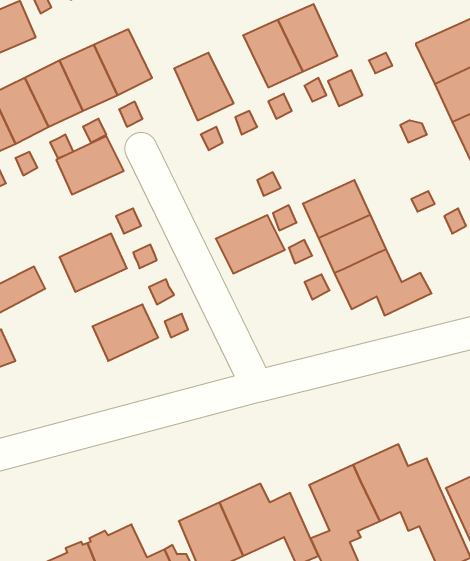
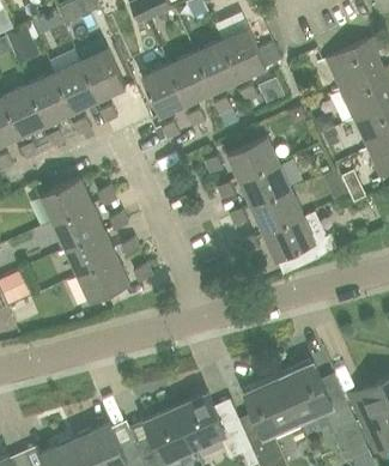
building: none -> [168,53,213,104]
building: [56,136,124,195] -> [42,177,93,222]
building: [216,215,285,273] -> [226,137,279,181]
building: none -> [66,230,117,274]

